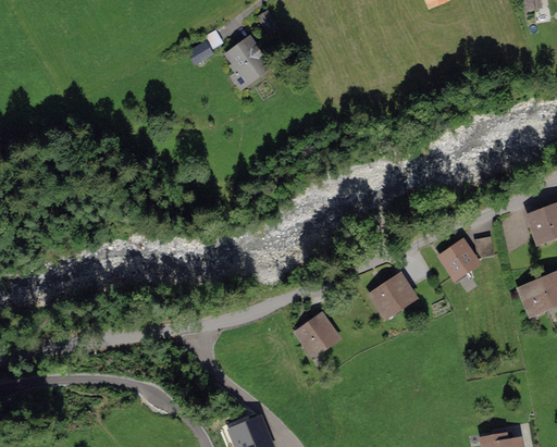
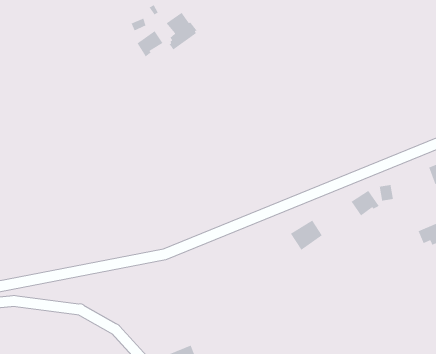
building: none -> [136,30,163,58]
building: [296,318,333,352] -> none

